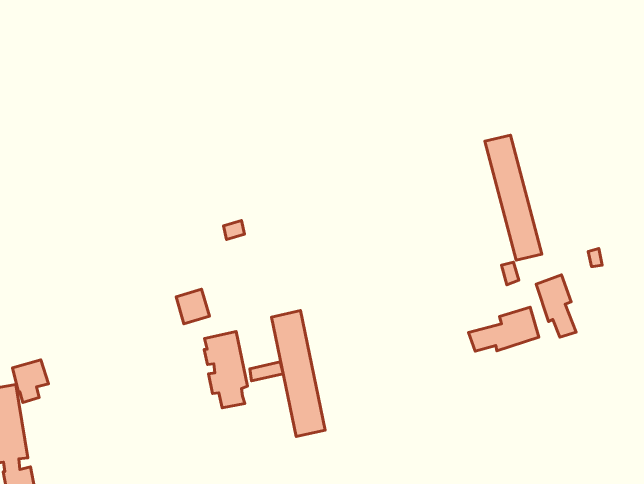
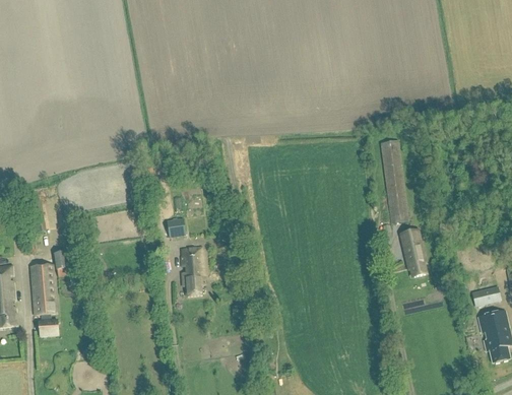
building: [469,307,539,351] -> none
building: [271,311,325,437] -> none

